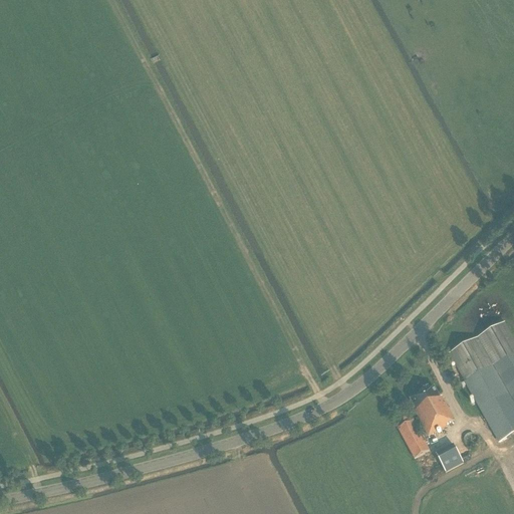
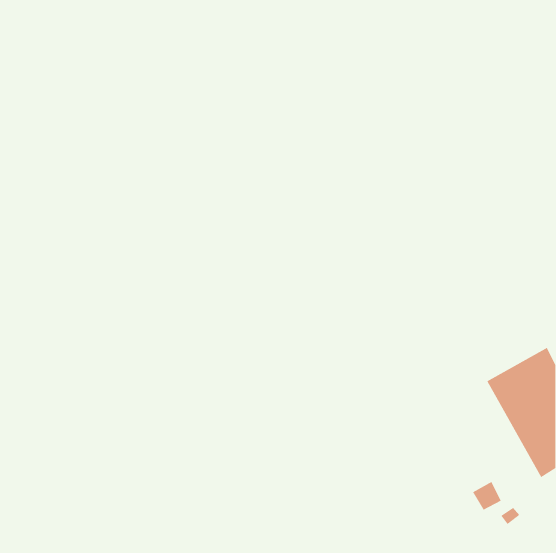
building: [410,384,455,435] -> none
building: [399,420,430,457] -> none

